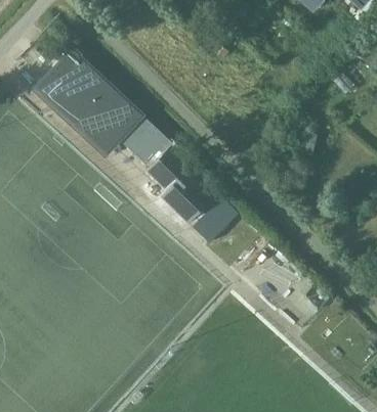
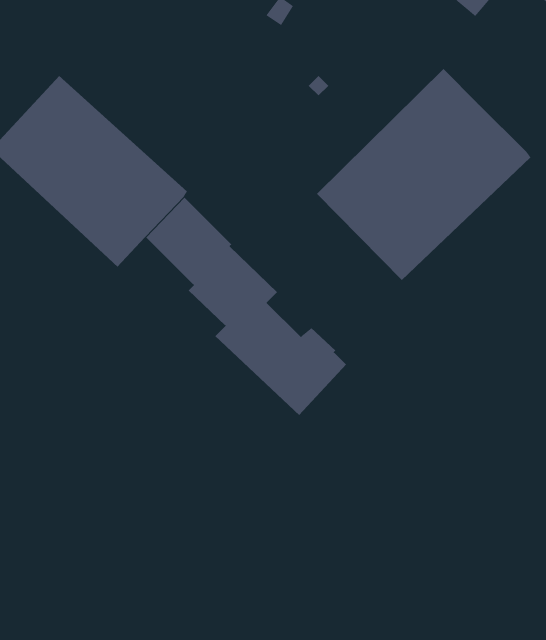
building: none -> [316,68,531,281]

